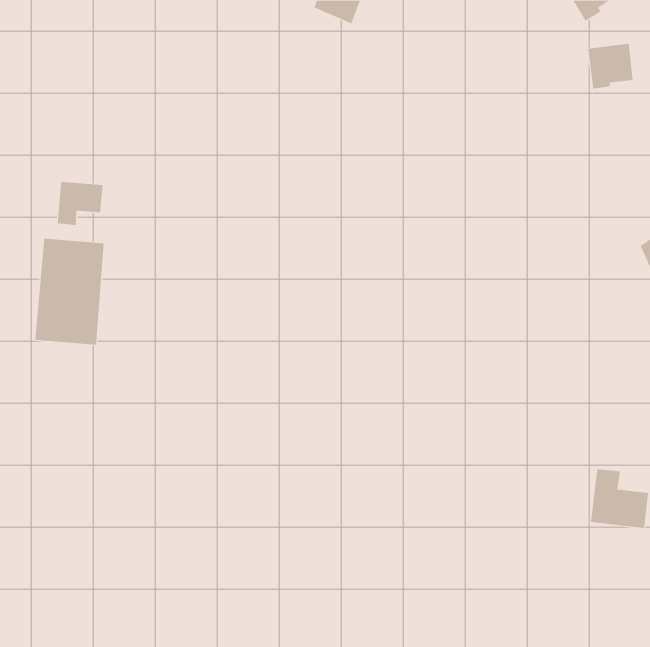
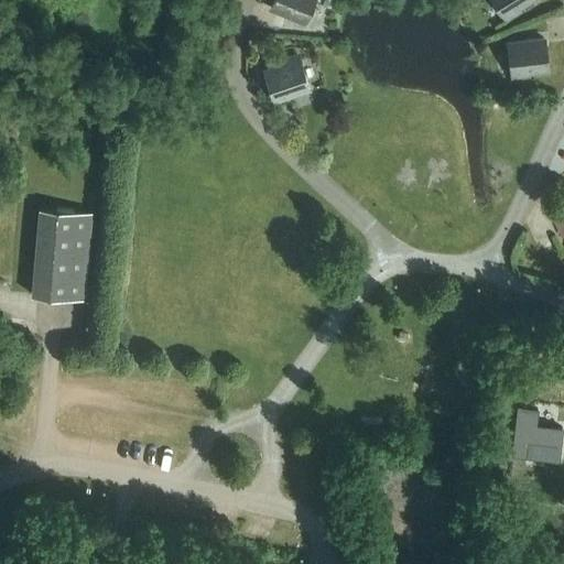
building: none -> [265,58,310,102]
building: [57,181,103,226] -> none

